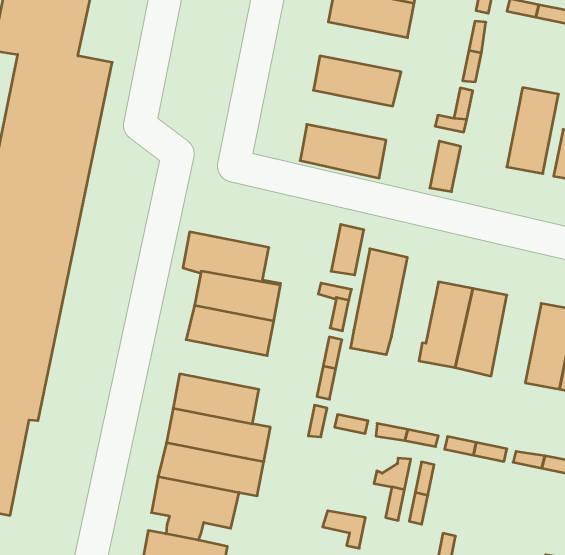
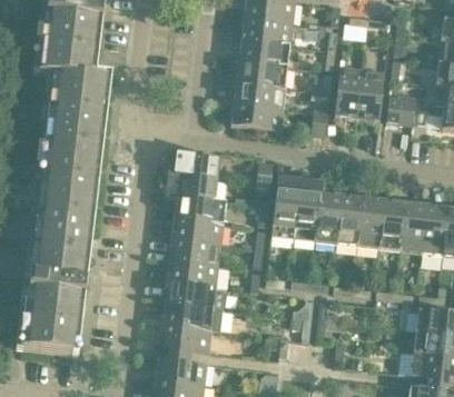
building: none -> [237,39,289,66]
building: none -> [334,67,362,118]
building: none -> [233,81,284,108]
building: none -> [167,151,219,179]
building: none -> [293,178,323,240]
building: none -> [357,196,384,248]
building: none -> [168,239,220,266]

